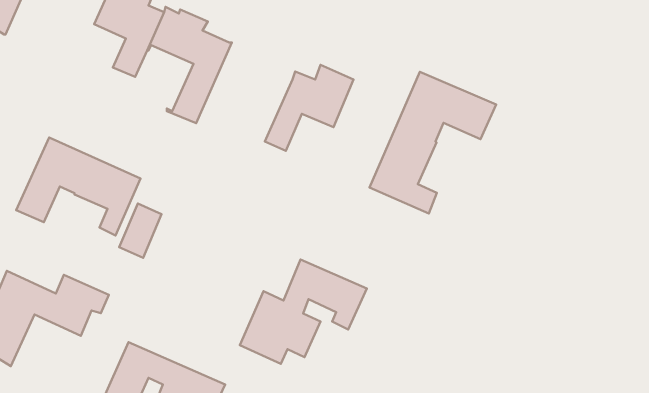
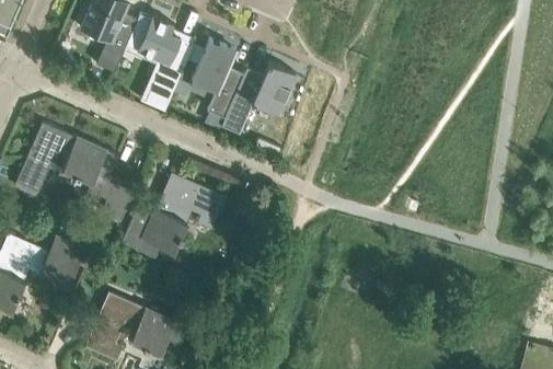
building: none -> [192,39,244,118]
building: [370,72,496,214] -> none
building: [240,259,367,364] -> [120,173,226,260]

